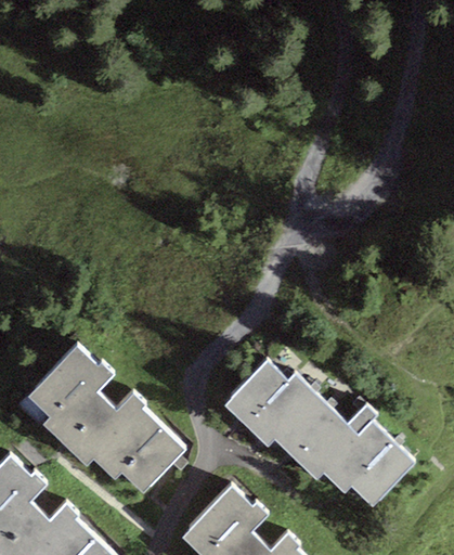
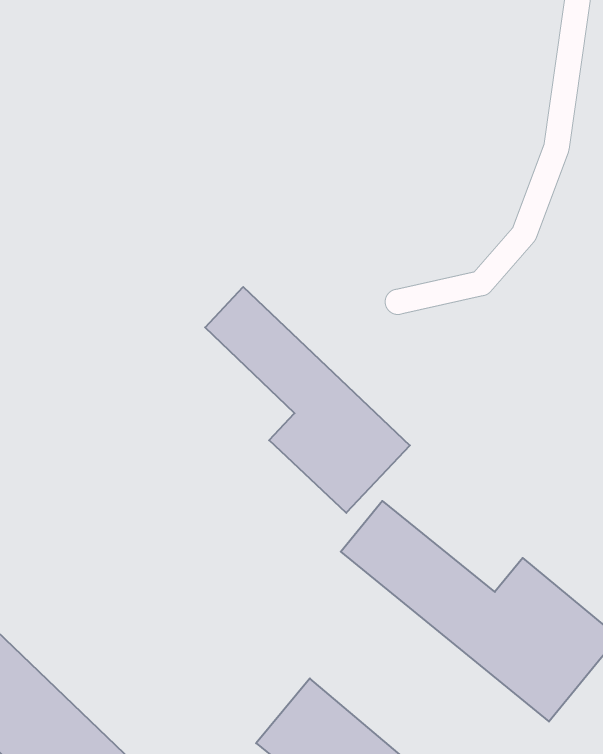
building: none -> [205,287,410,513]
building: [28,358,174,501] -> none

